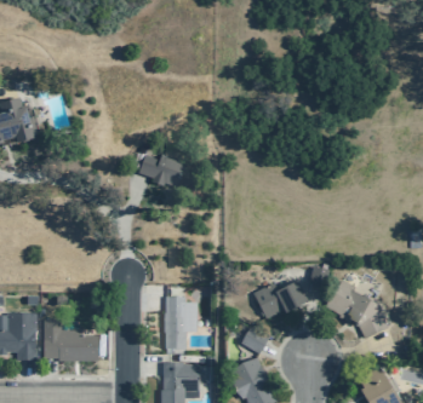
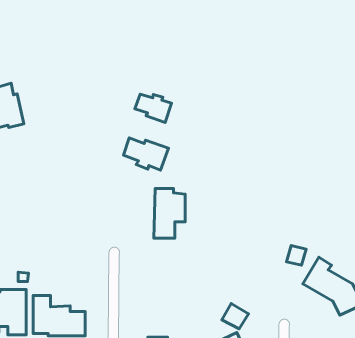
building: none -> [135,94,172,122]
building: [253,281,309,318] -> none
building: [165,297,198,349] -> [154,188,185,238]

